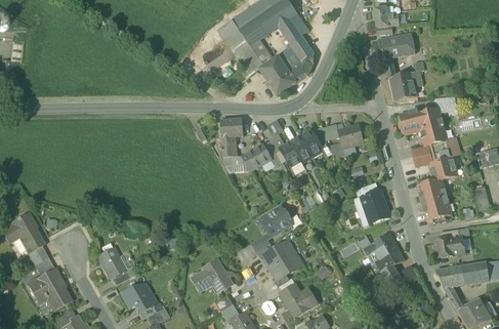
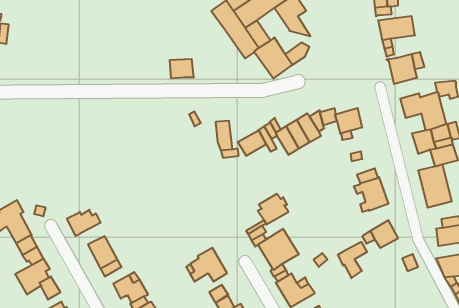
building: [280,47,314,71] -> none
building: [220,118,244,136] -> [170,59,194,78]
building: none -> [67,210,100,236]
building: [376,249,405,284] -> [338,242,367,278]

